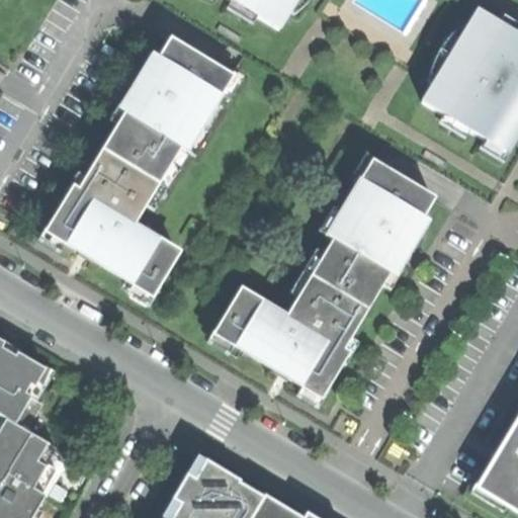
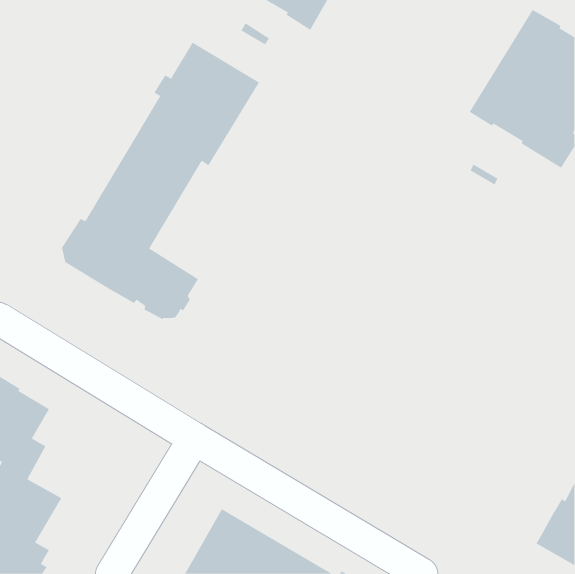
building: [223,160,434,388] -> none

